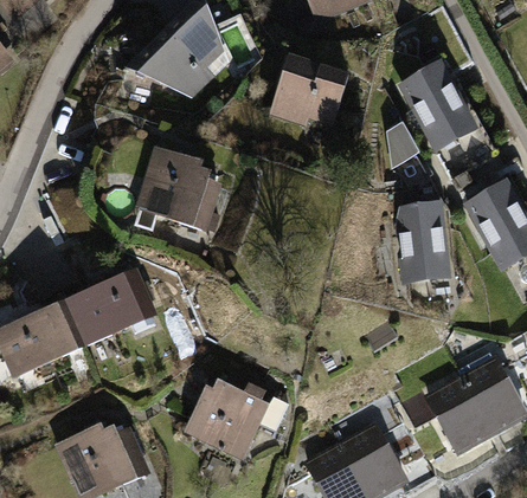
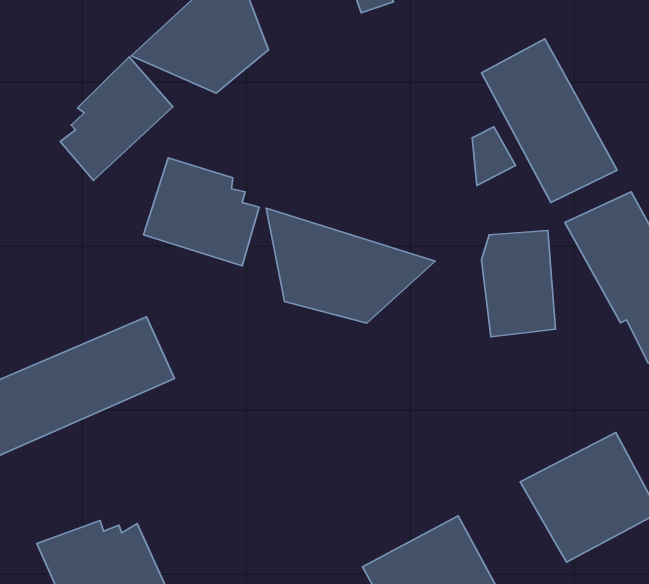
building: [268,54,351,125] -> none
building: none -> [60,57,173,180]
building: none -> [266,208,435,323]
building: [184,369,294,461] -> none

